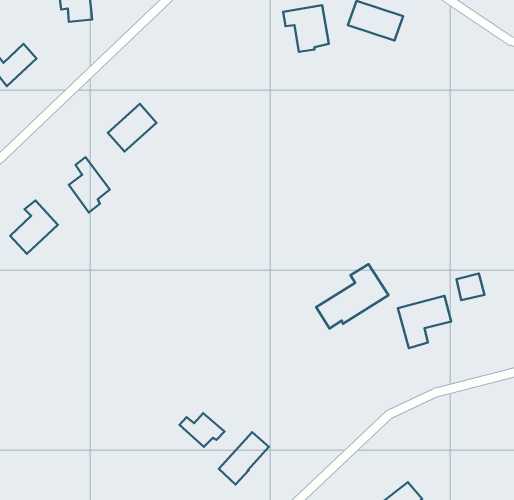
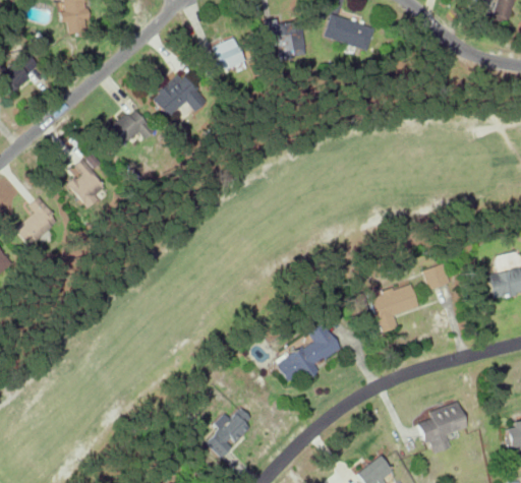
building: none -> [213,38,244,71]
building: none -> [152,72,208,119]
building: [316,264,388,328] -> [276,322,342,381]
building: [179,413,224,447] -> none
building: none -> [418,402,467,454]

